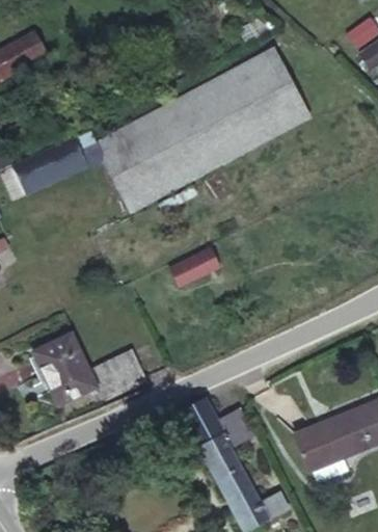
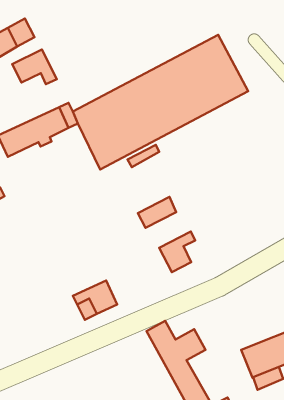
building: none -> [12,50,57,84]
building: none -> [159,232,195,272]
building: [33,332,98,404] -> none

